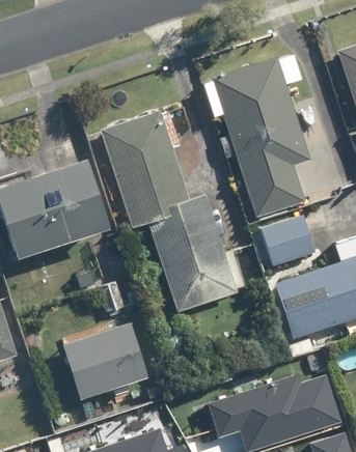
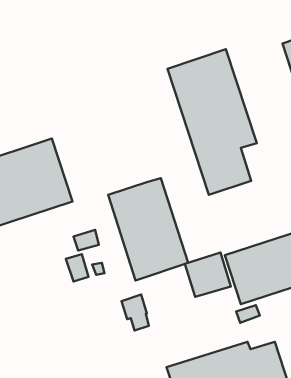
building: [101,110,190,223] -> none
building: [263,216,313,264] -> [185,253,231,297]
building: [57,326,144,404] -> none

